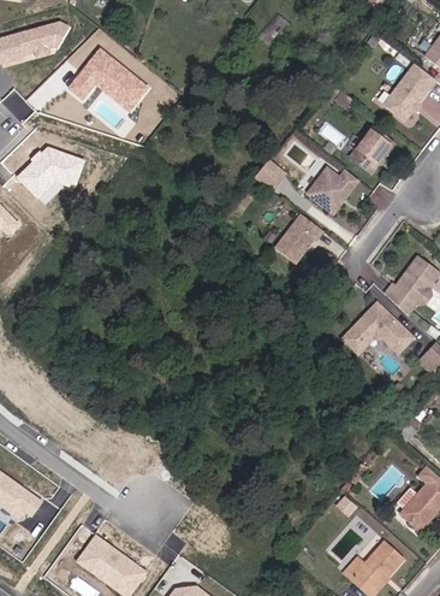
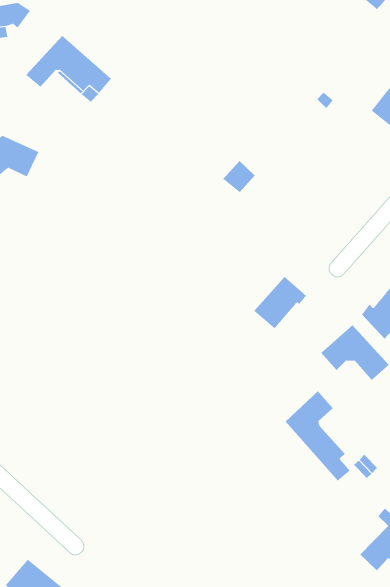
building: [350,128,393,172] -> none
building: [308,167,358,212] -> none
building: [277,213,325,262] -> [254,276,307,329]
building: none -> [285,390,351,481]

